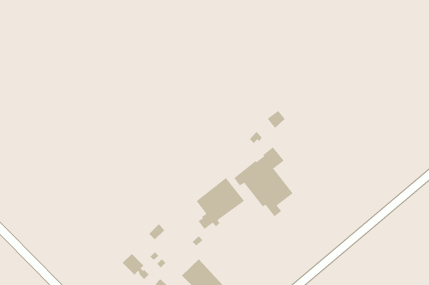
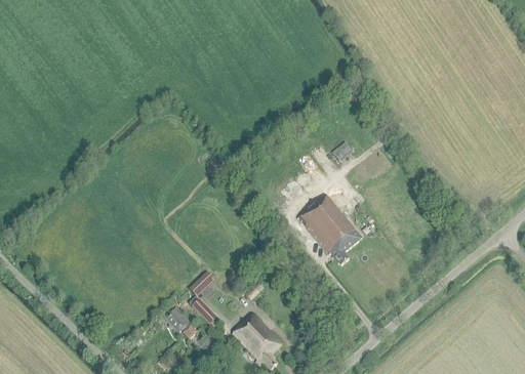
building: [196,177,245,230] -> none

